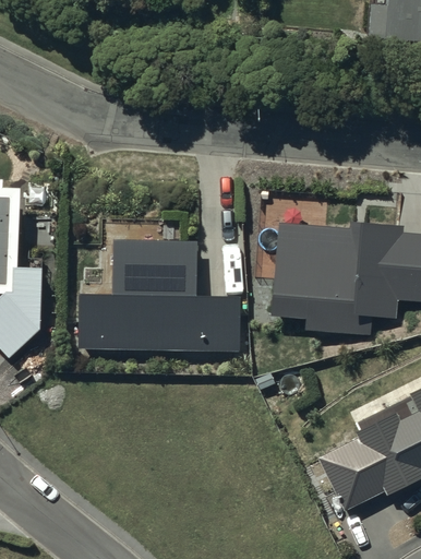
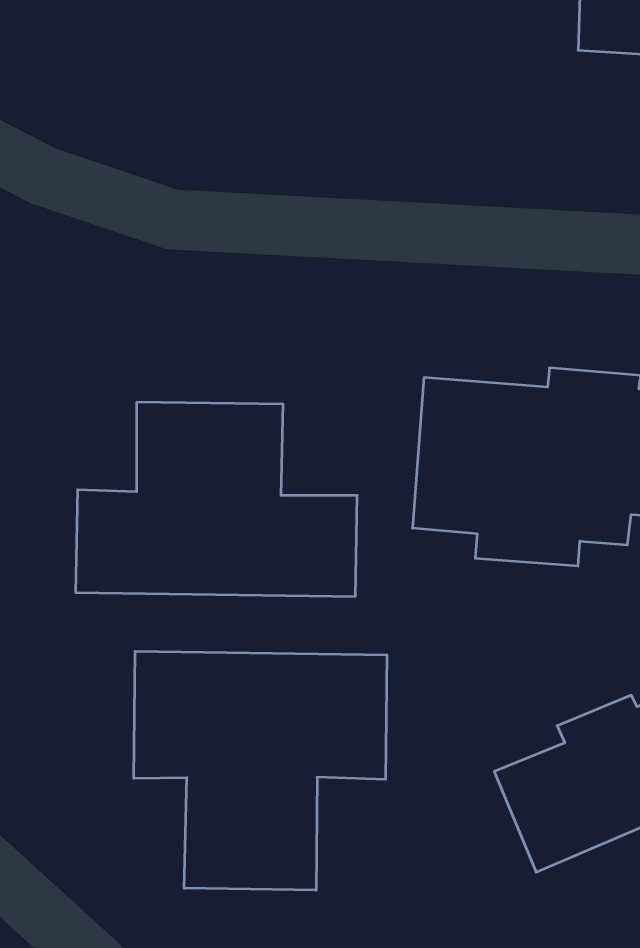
building: none -> [134,651,387,890]

